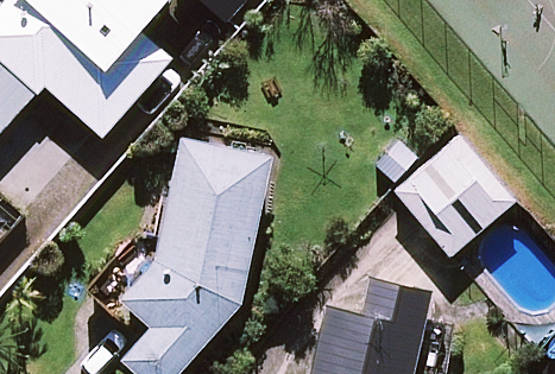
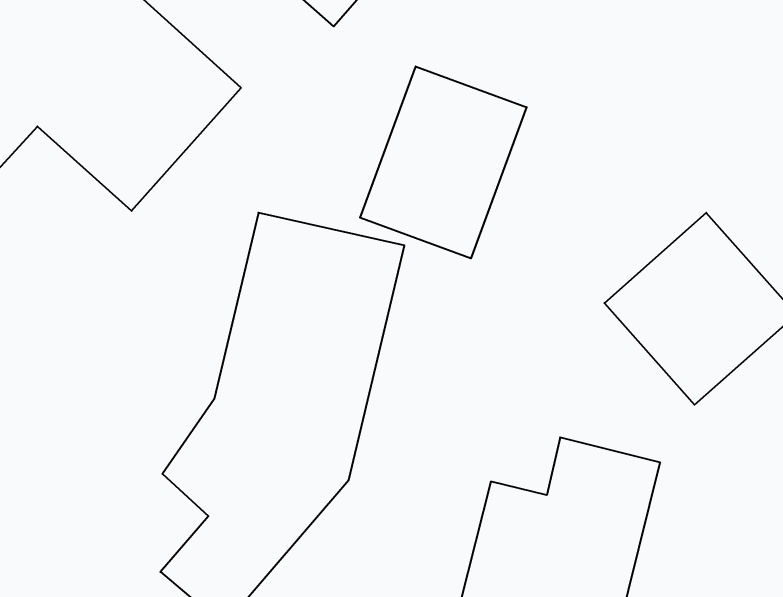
building: none -> [360,66,527,258]

